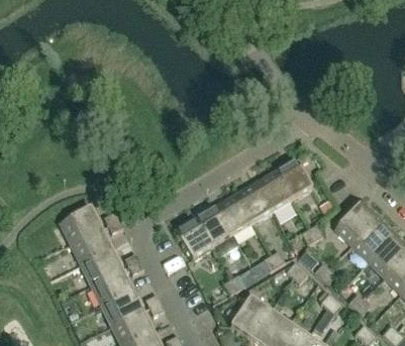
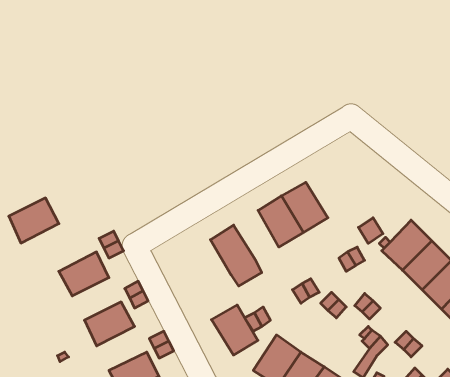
building: [274,158,312,200] -> none
building: [214,194,251,235] -> none
building: [60,207,101,244] -> [9,198,59,243]
building: [174,218,212,259] -> [211,305,258,355]
building: [81,249,121,284] -> none
building: [101,290,142,326] -> none

